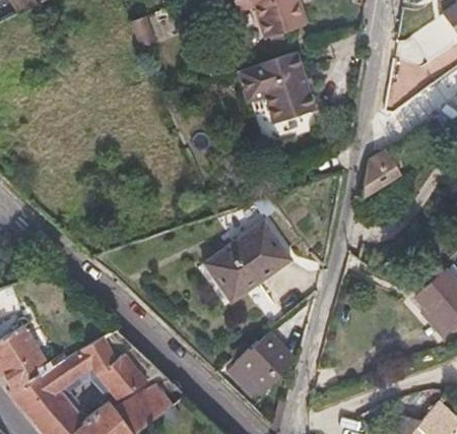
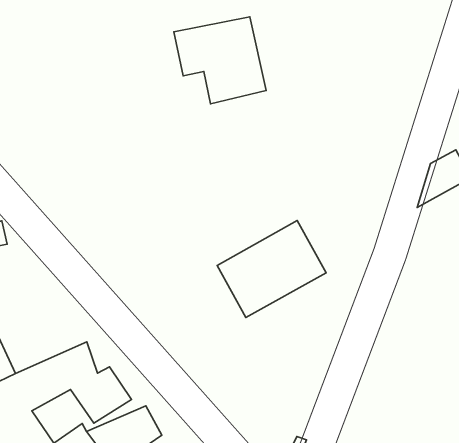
building: [237,52,316,125] -> [174,17,266,104]
building: [224,332,295,398] -> none

